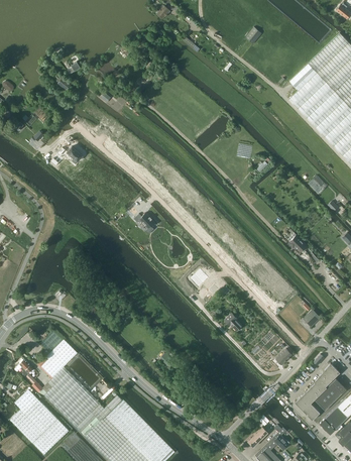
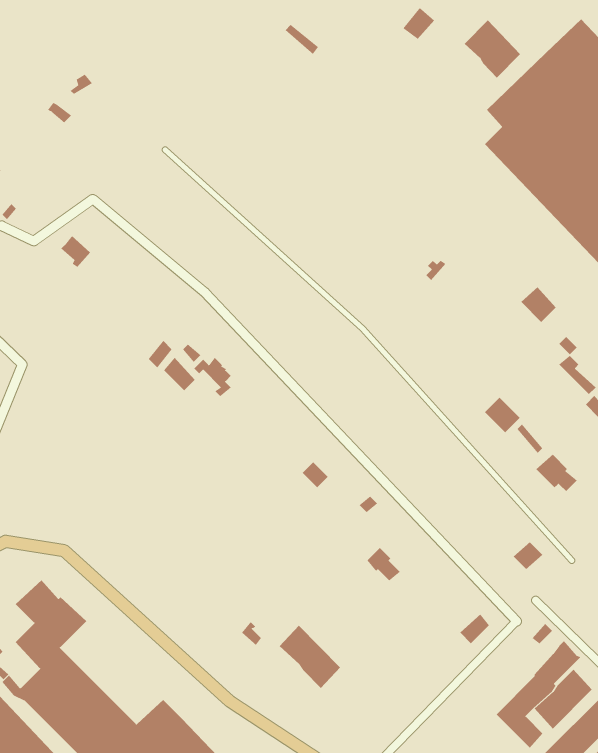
building: none -> [464,19,521,79]
building: none -> [279,625,341,689]

